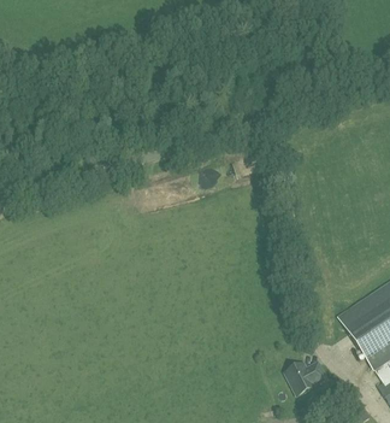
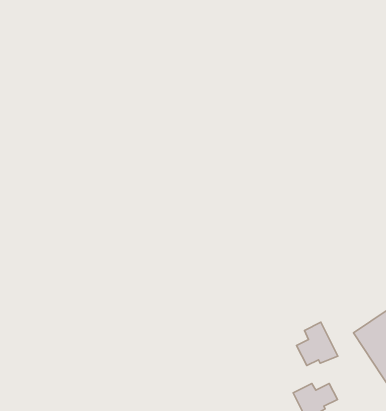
building: none -> [297,322,338,366]

